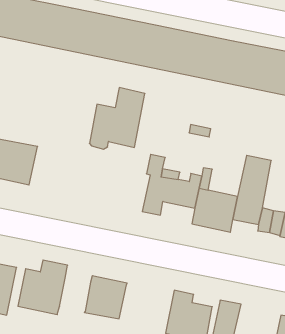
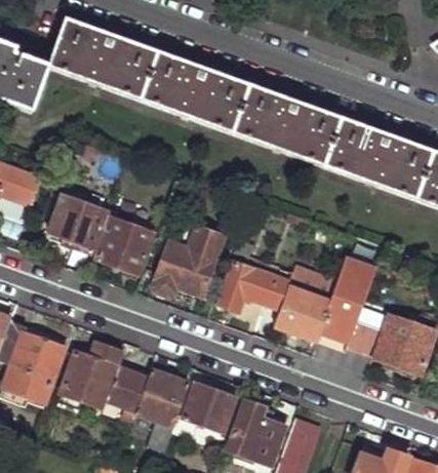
building: [89,88,145,149] -> [153,226,226,298]
building: none -> [96,216,154,273]
building: none -> [107,366,147,408]
building: none -> [173,383,235,430]

